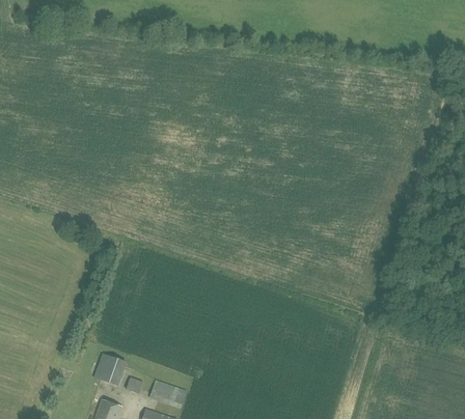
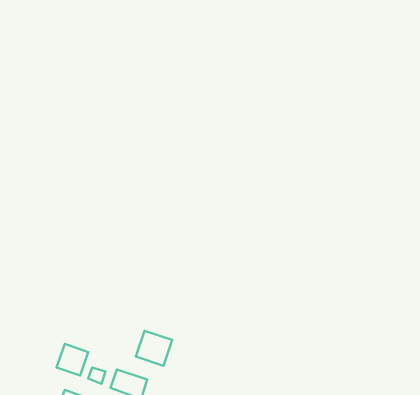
building: none -> [136,331,172,366]

